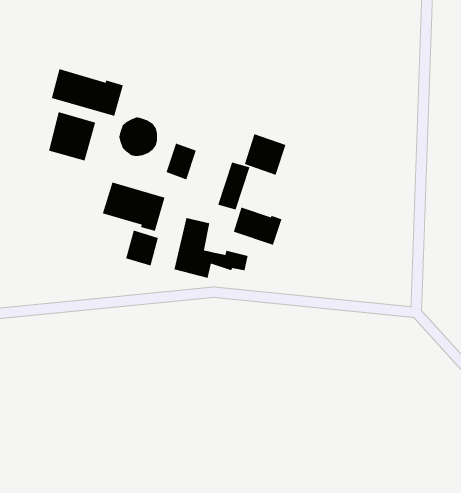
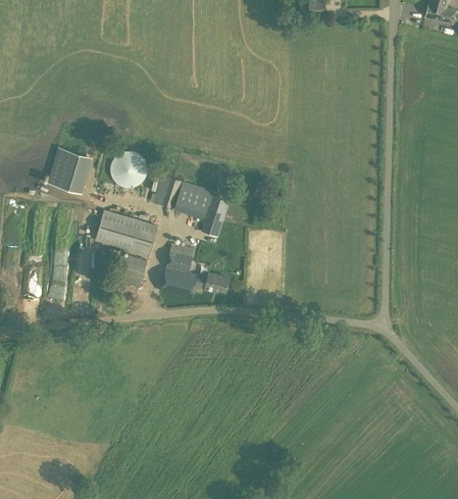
building: [51,68,124,117] -> none
building: [244,133,286,176] -> [174,181,213,219]
building: [233,207,283,246] -> none

